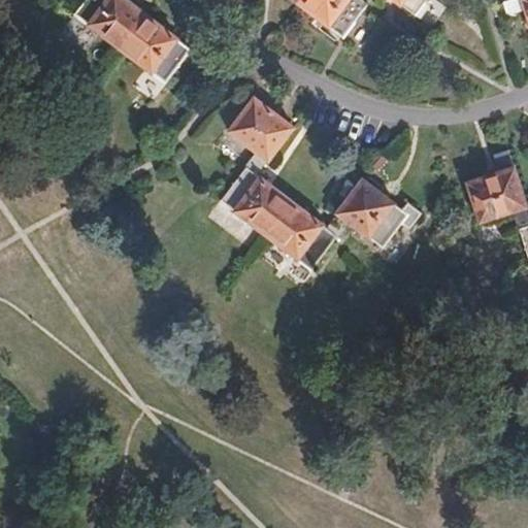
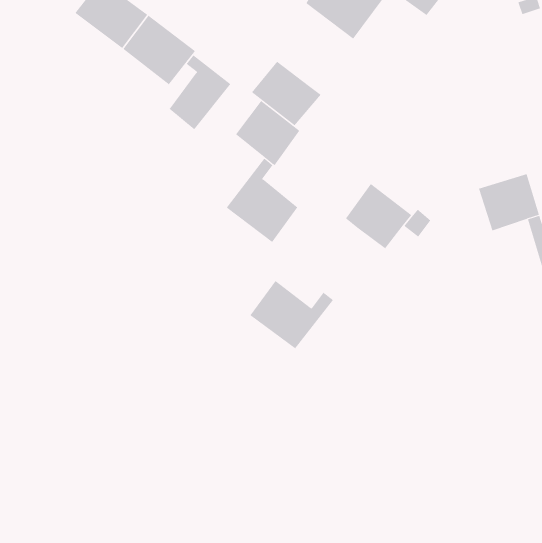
building: none -> [169,54,231,130]
building: none -> [251,61,321,126]
building: [266,201,348,268] -> [250,280,334,349]

